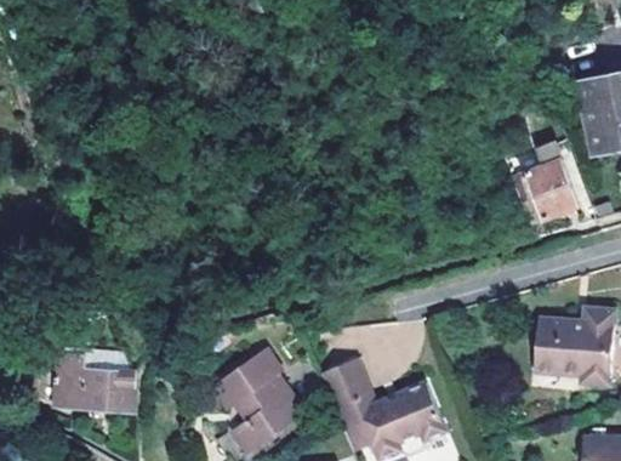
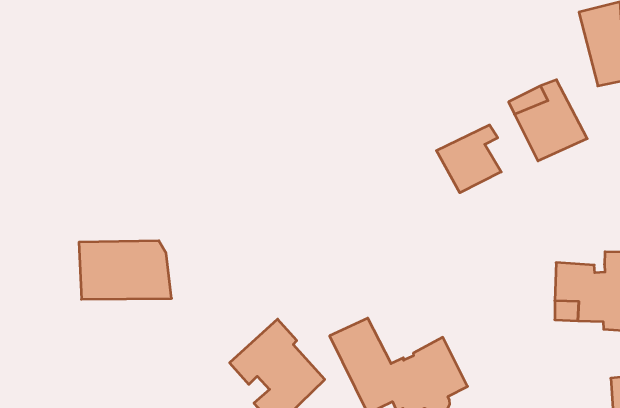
building: none -> [436,125,501,193]
building: [44,349,130,409] -> [79,241,172,299]

